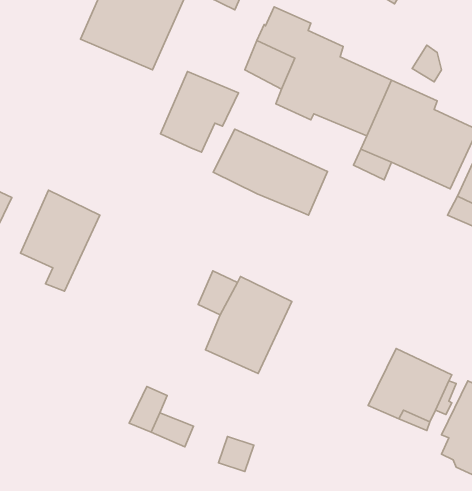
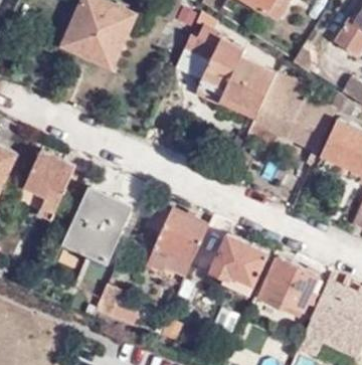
building: [160,71,238,152] -> none
building: [213,129,328,215] -> none
building: none -> [65,184,131,254]
building: none -> [213,234,266,295]

